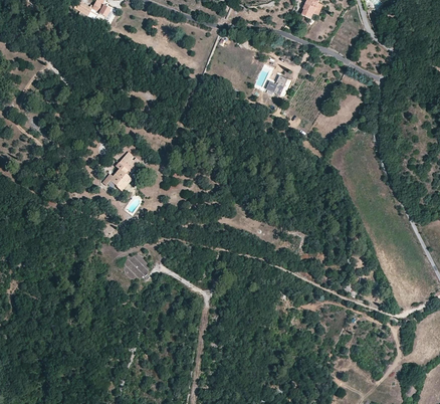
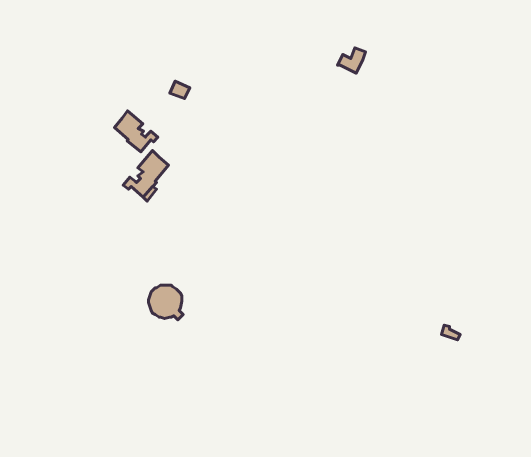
building: none -> [114,111,158,152]

